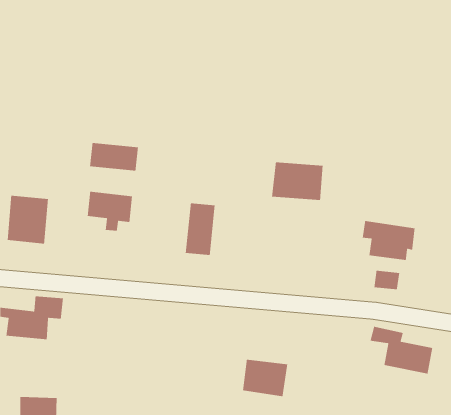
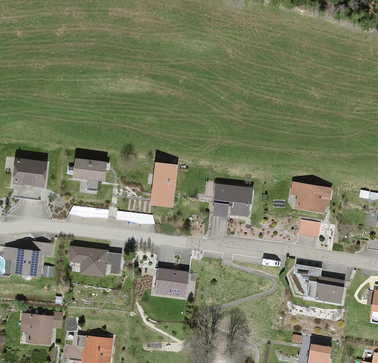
building: [89,142,139,172] -> none
building: [271,161,323,201] -> [213,182,254,213]
building: none -> [71,244,122,272]
building: [242,359,288,397] -> [156,263,192,293]

